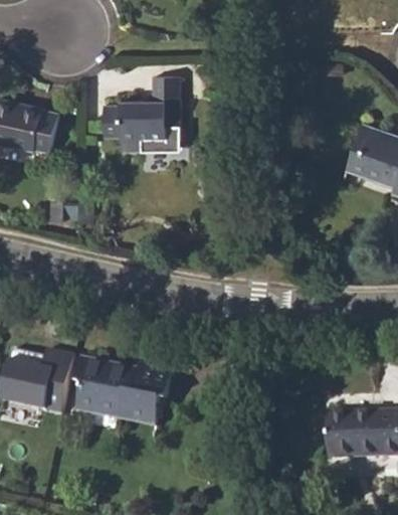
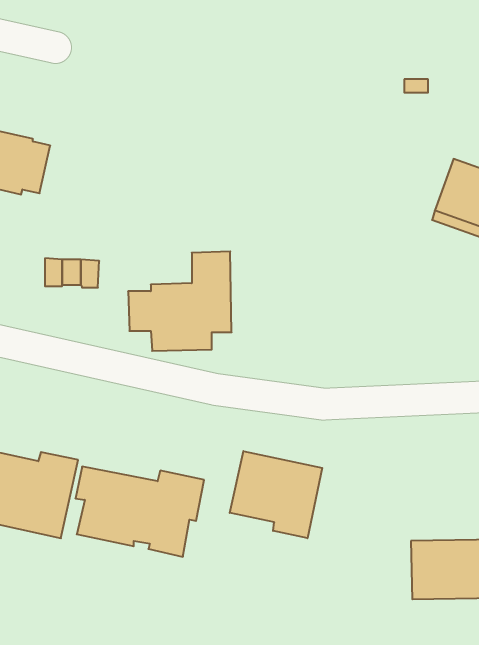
building: [103,76,181,152] -> [128,251,232,351]
building: none -> [230,451,322,538]

